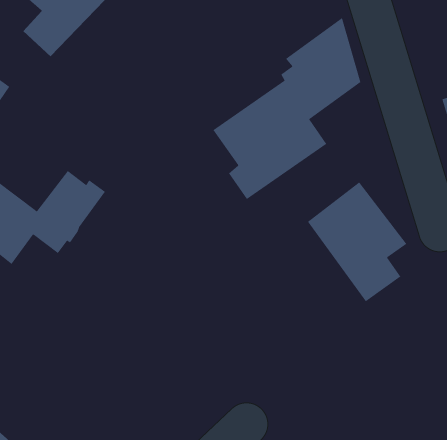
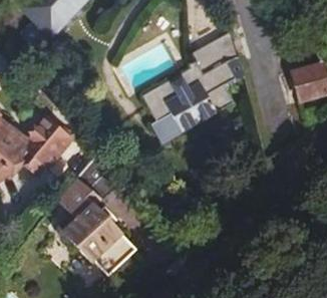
building: [307,181,407,302] -> none
building: none -> [59,152,136,276]

